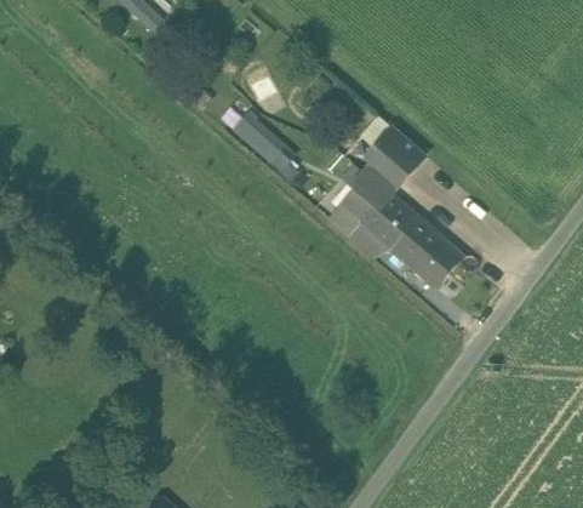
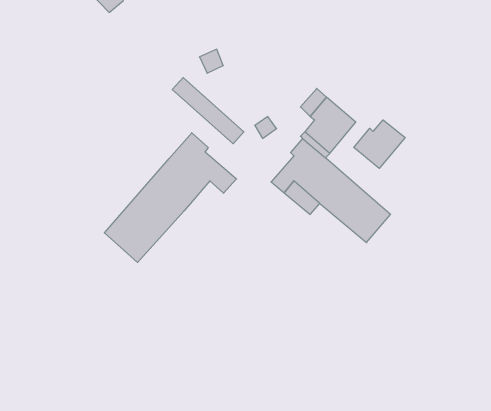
building: none -> [354,120,405,168]
building: none -> [104,133,237,262]

